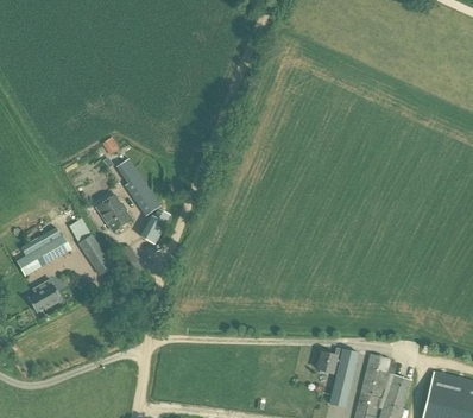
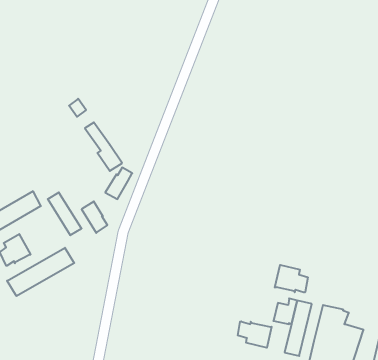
building: [96,192,131,230] -> none
building: none -> [7,248,74,296]
building: none -> [275,265,308,292]
building: none -> [238,321,272,348]

